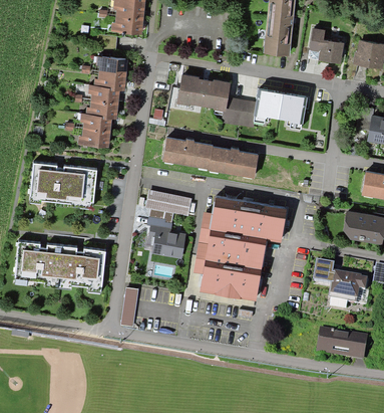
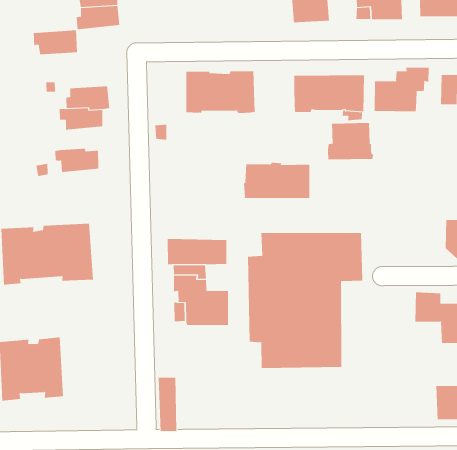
building: [96,55,128,74] -> [33,30,78,55]
building: [222,96,256,127] -> [327,123,374,160]
building: none -> [374,67,429,112]
building: [85,100,118,119] -> none
building: [77,130,110,146] -> none
building: [162,137,214,169] -> none
building: [58,245,106,292] -> none

